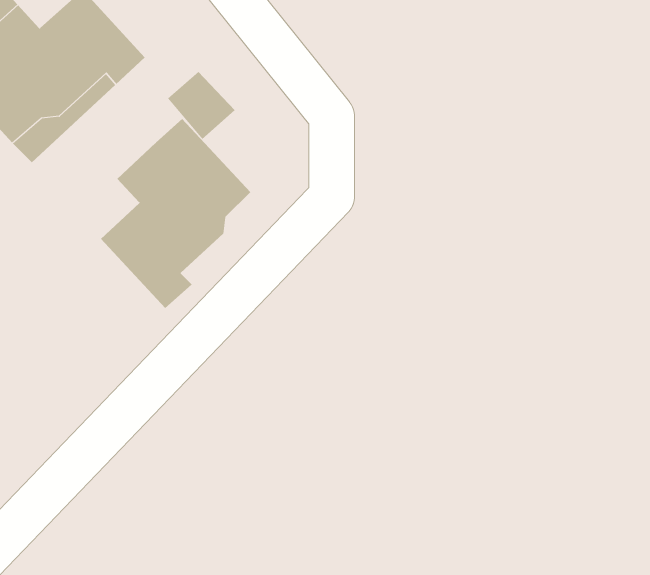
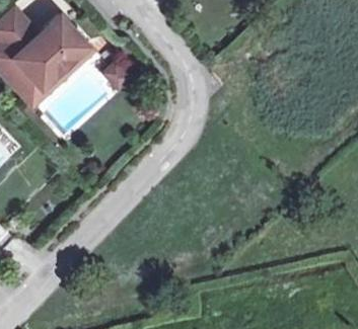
building: [100,118,251,309] -> none

